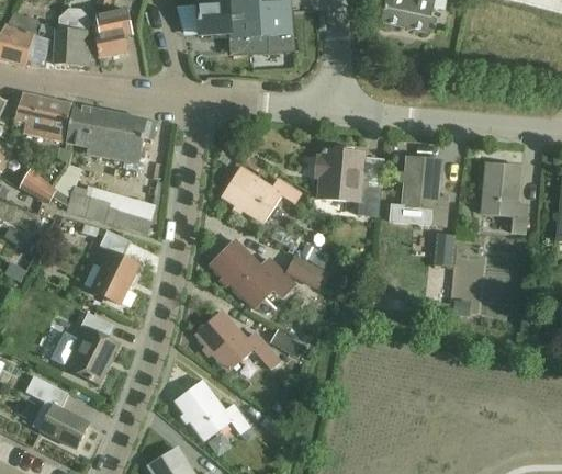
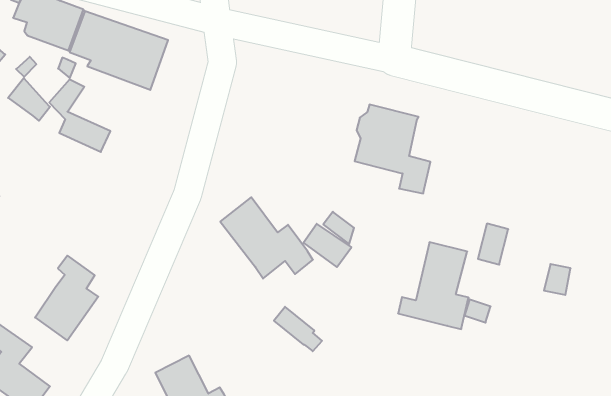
building: [389,155,446,224] -> [398,242,469,329]
building: [482,163,526,233] -> none
building: [222,167,301,222] -> none
building: [105,200,151,232] -> none
building: [90,229,139,304] -> none
building: [196,312,280,370] -> none
building: [50,330,81,365] -> none

